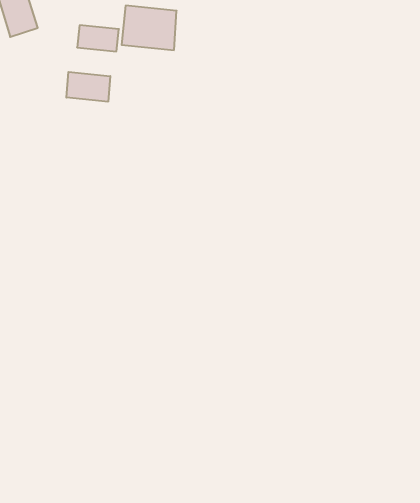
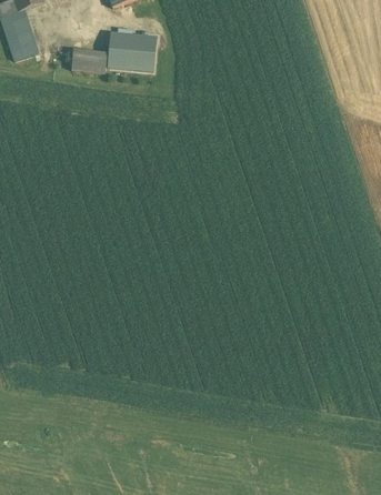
building: [66,72,110,102] -> none

